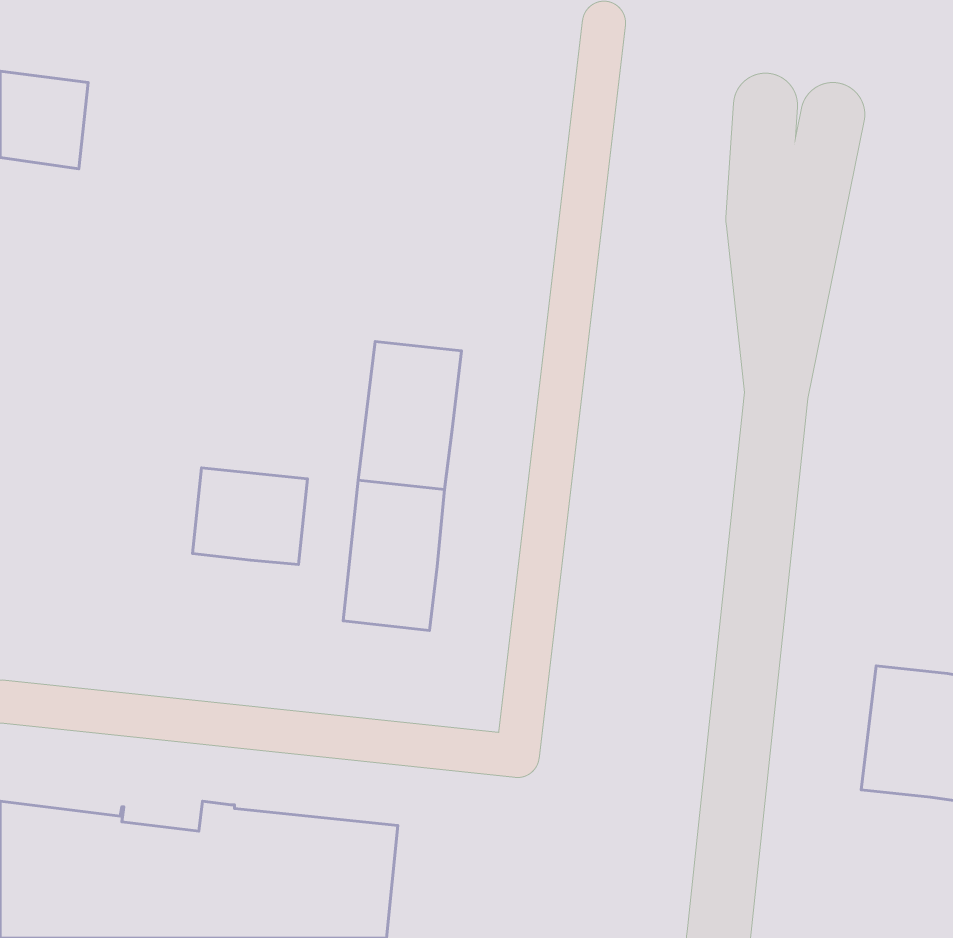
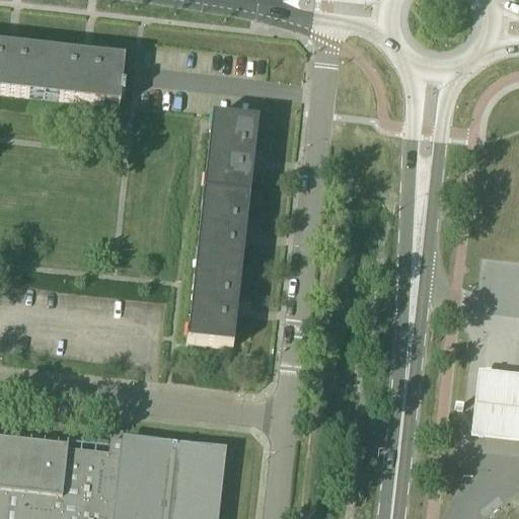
building: none -> [46,45,127,99]
building: none -> [206,108,261,190]
building: [193,468,307,565] -> none

